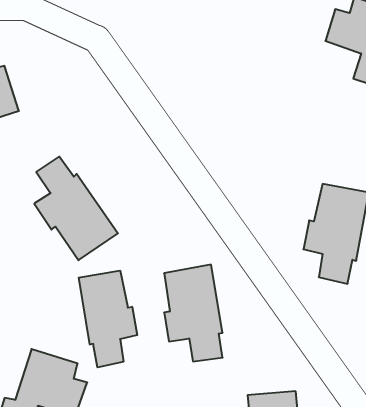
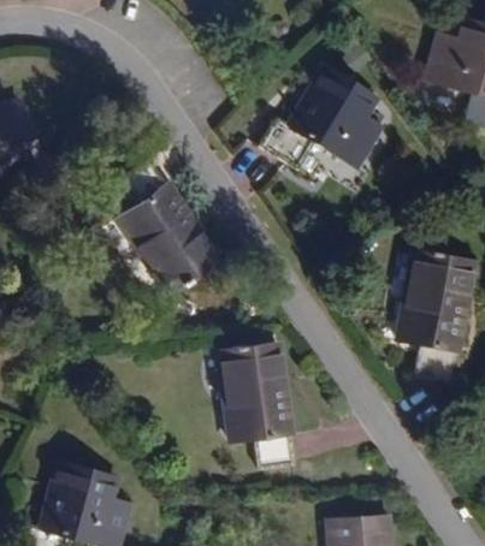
building: none -> [258,67,378,171]
building: [34,157,118,260] -> [113,161,218,291]
building: [79,271,137,367] -> none

